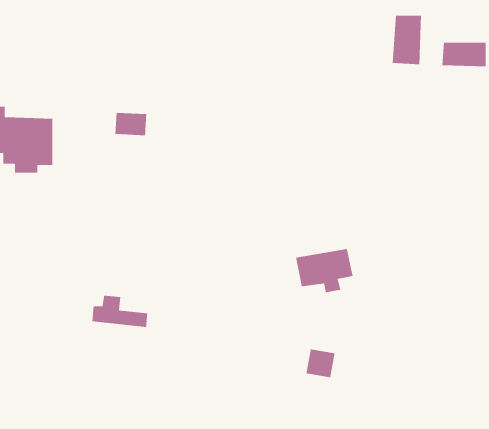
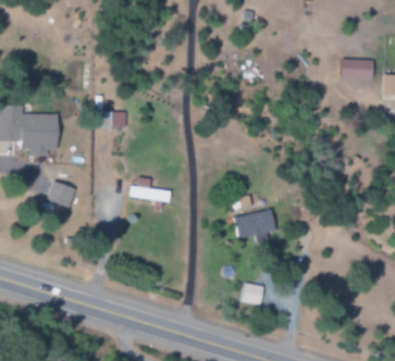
building: [392,15,422,65] -> none
building: none -> [47,180,76,208]
building: [91,295,148,328] -> [129,177,171,201]

